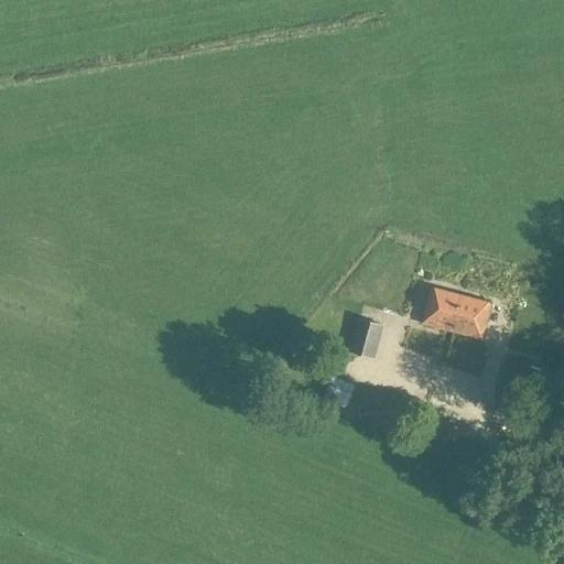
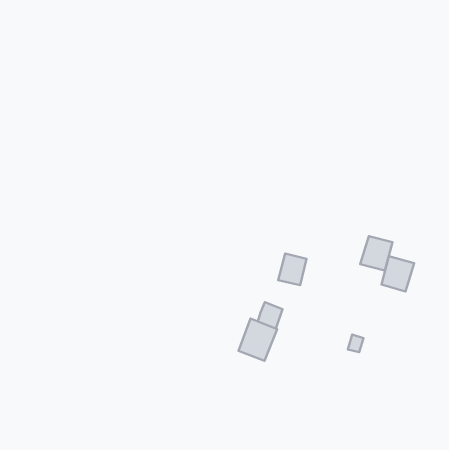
building: [422,286,463,330] -> [382,256,414,291]
building: none -> [238,318,277,361]

